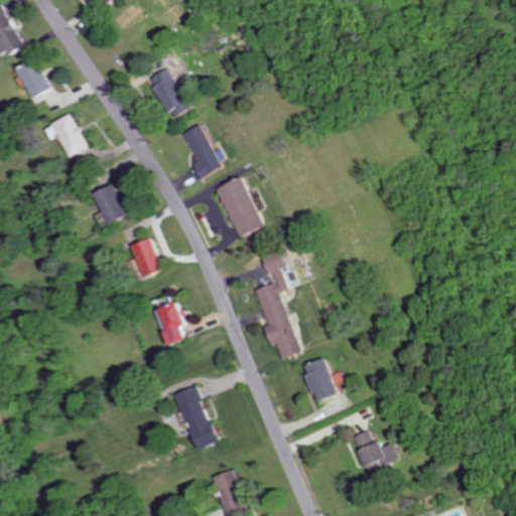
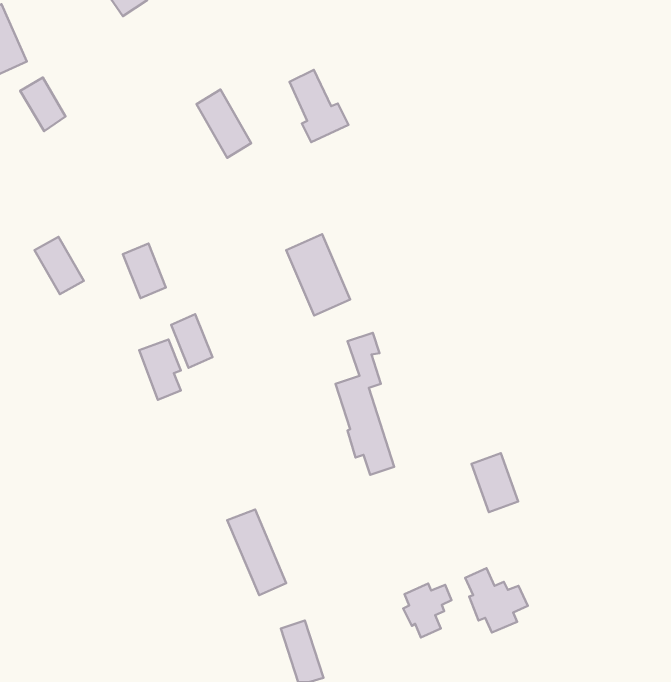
building: [49,113,87,156] -> [35,237,84,294]
building: [181,124,226,178] -> [290,70,348,142]
building: [154,301,185,347] -> [139,340,181,400]
building: [301,356,337,400] -> [472,453,518,512]
building: none -> [403,584,451,637]

